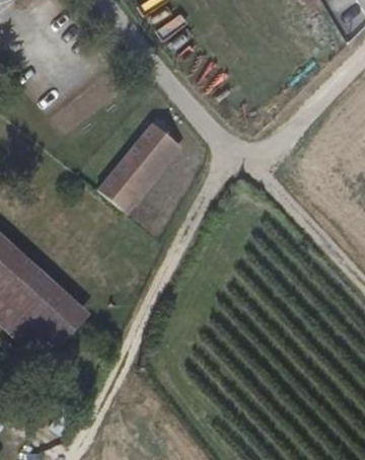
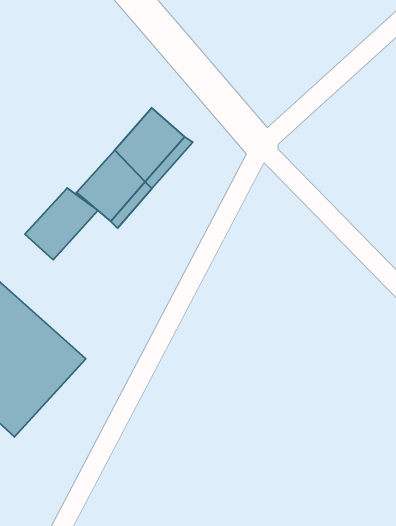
building: none -> [25,188,98,260]

